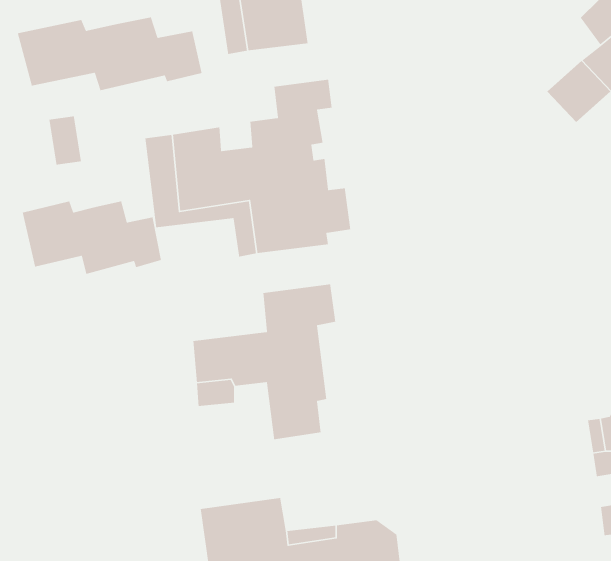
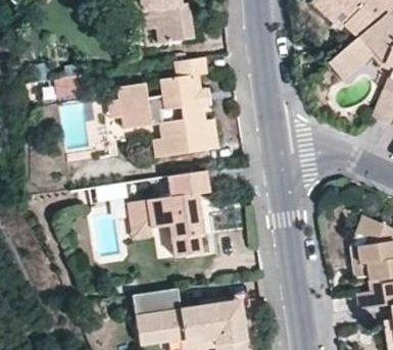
building: [17,16,202,91] -> none
building: [22,200,162,275] -> none

